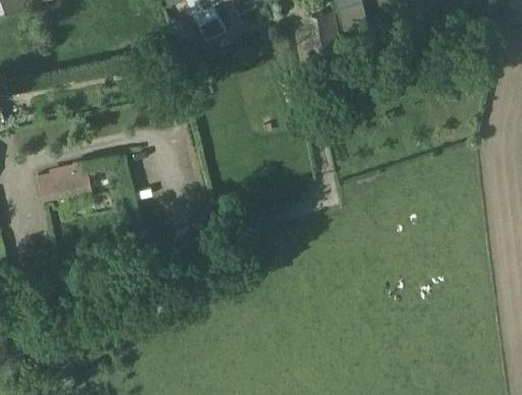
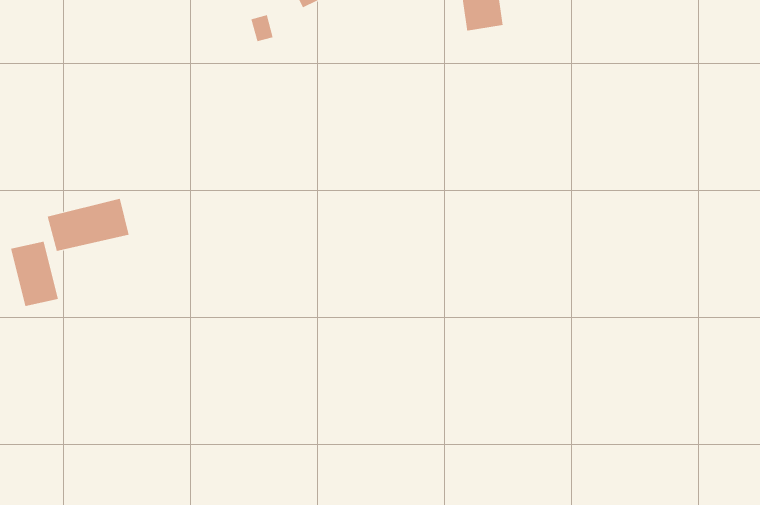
building: none -> [10,241,59,307]

